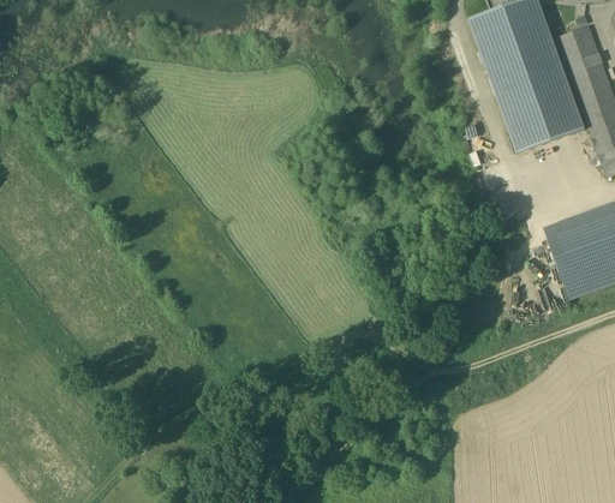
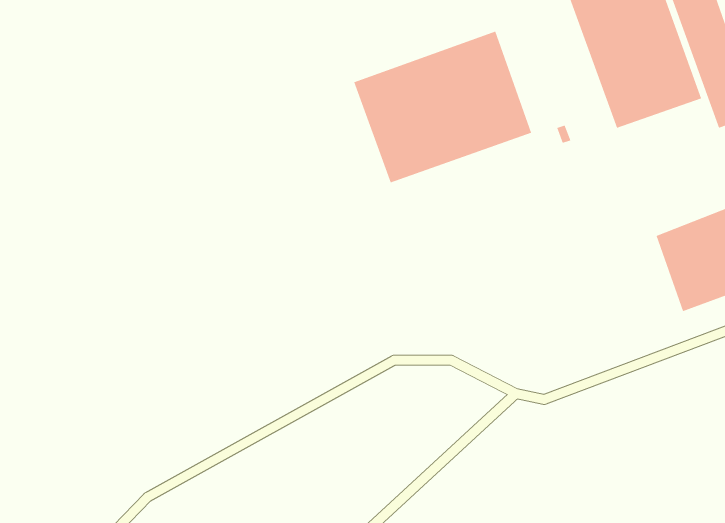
building: none -> [353,31,532,183]

